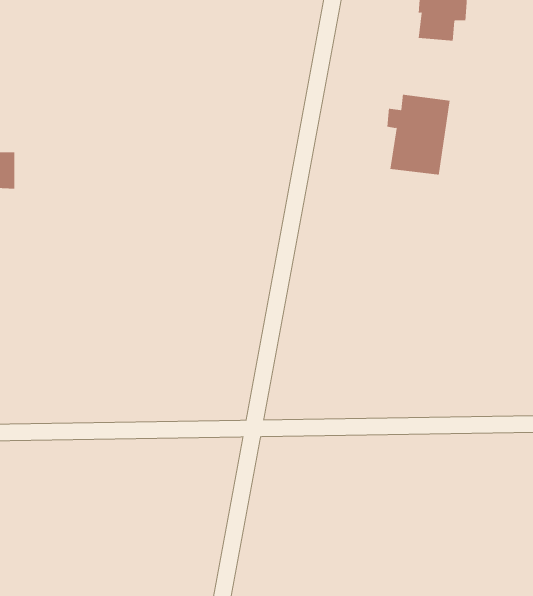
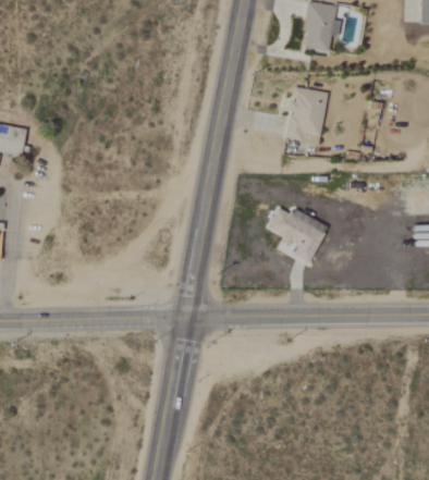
building: none -> [267,204,328,262]

